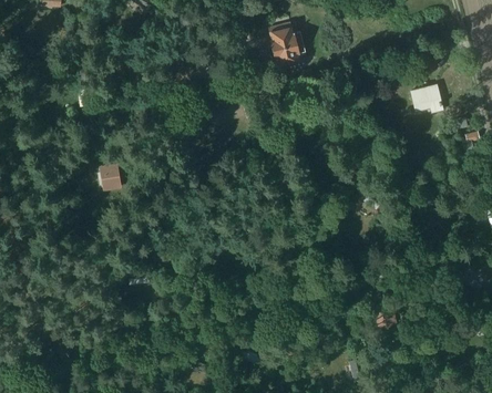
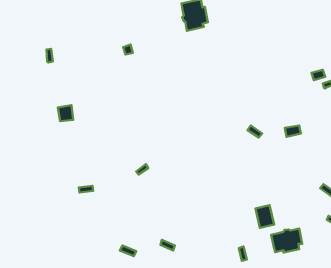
building: [411,84,441,106] -> none
building: none -> [271,228,302,253]

